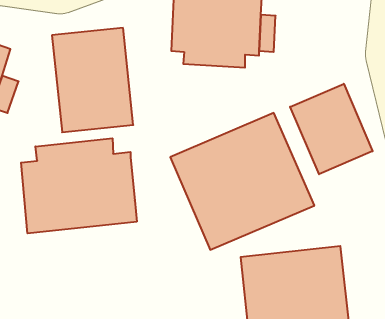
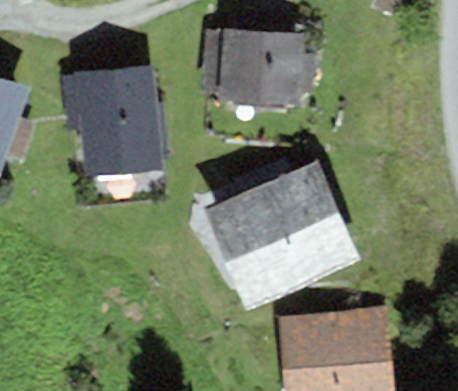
building: [290,84,373,174] -> none
building: [21,138,137,233] -> none

